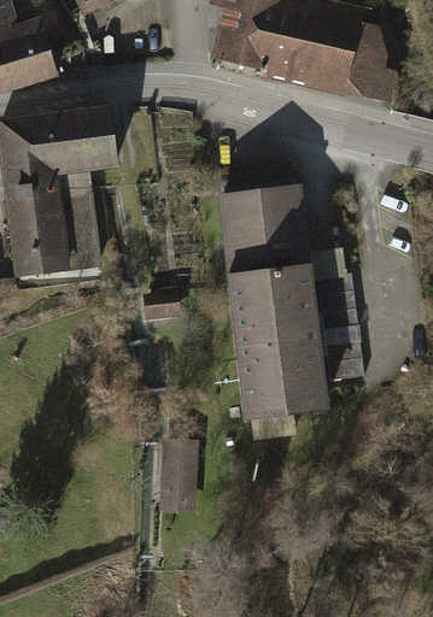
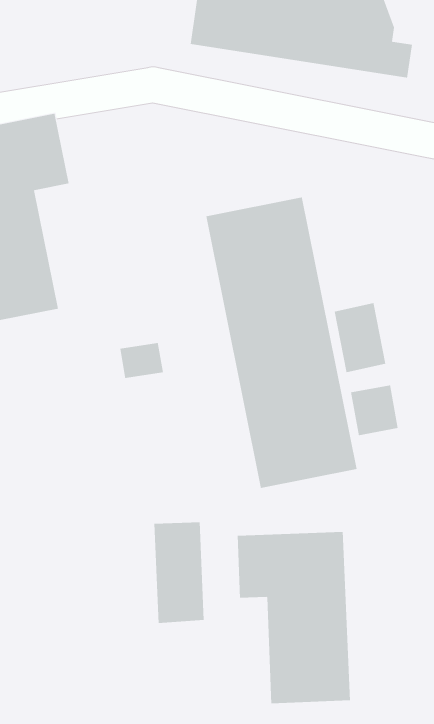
building: none -> [237,531,350,704]

